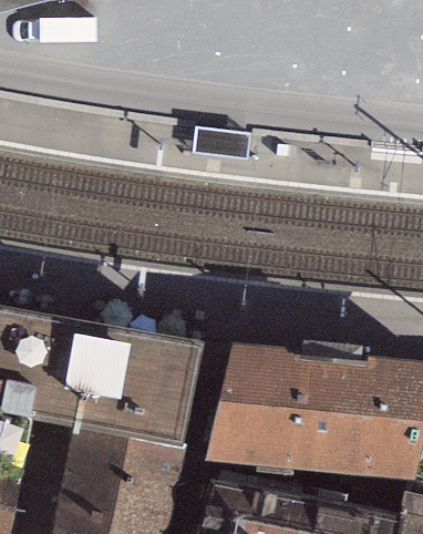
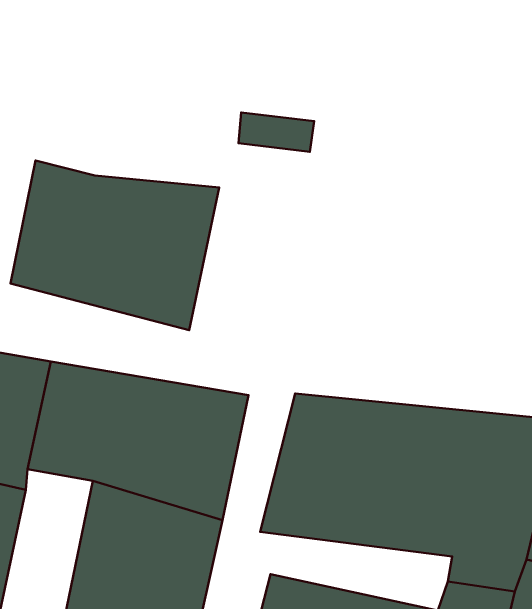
building: none -> [10,161,219,330]

